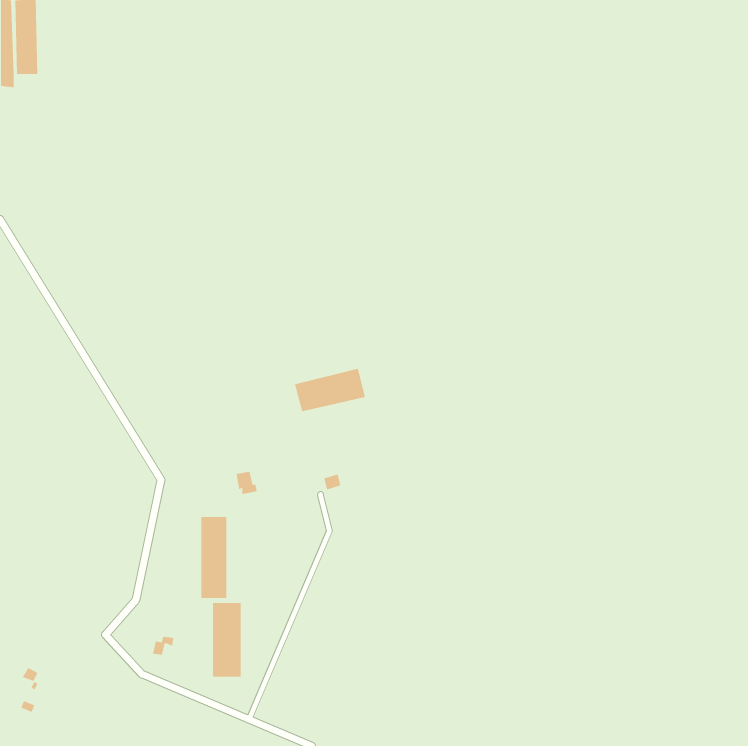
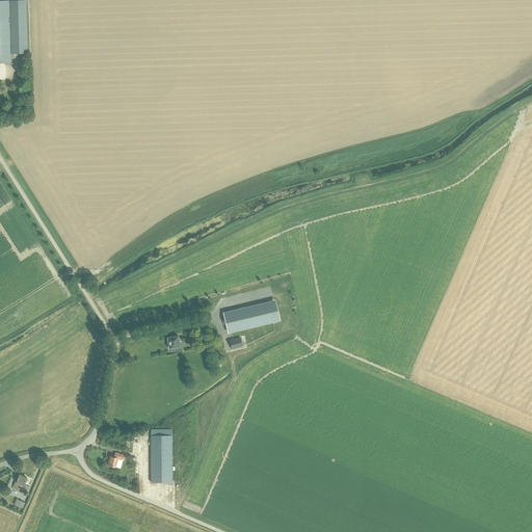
building: [294,368,366,412] -> [223,300,274,331]
building: [201,516,227,599] -> none

